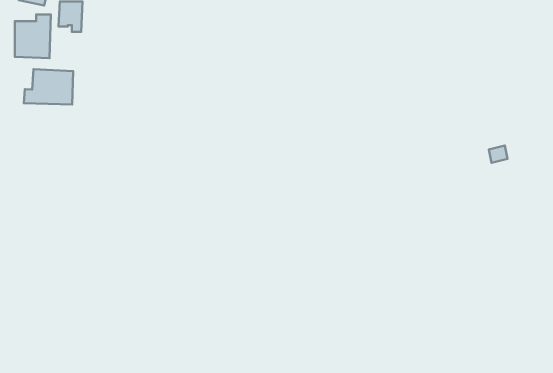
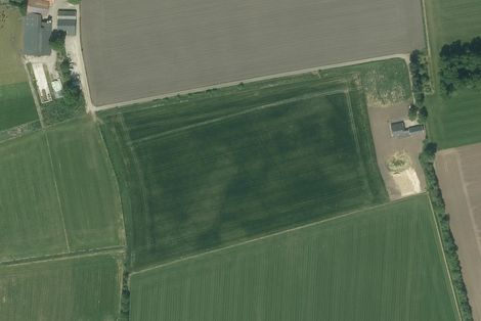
building: [24,69,73,105] -> none

